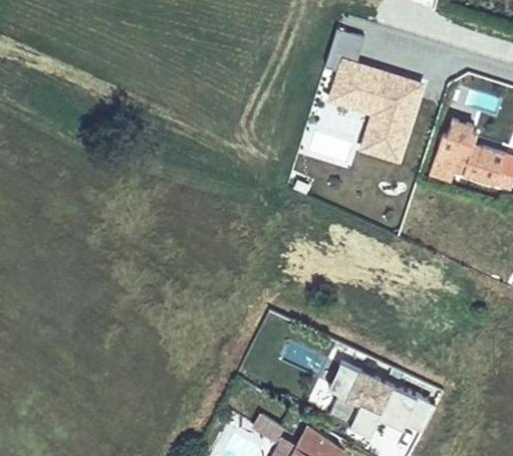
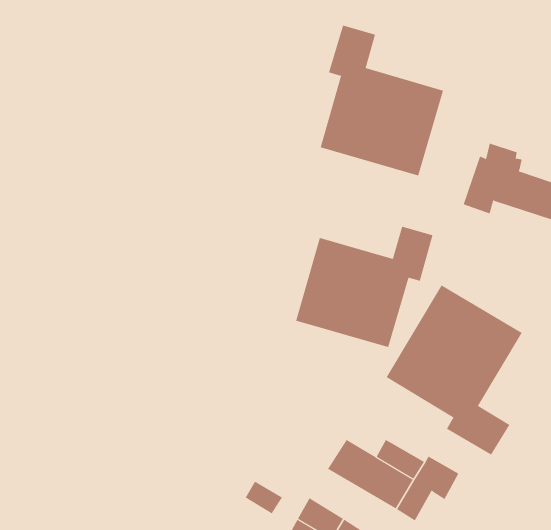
building: none -> [296,226,433,348]
building: none -> [386,284,522,456]

